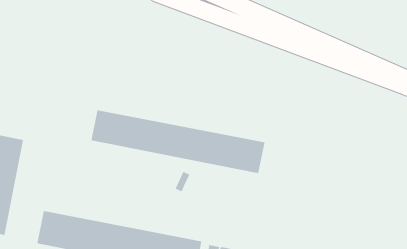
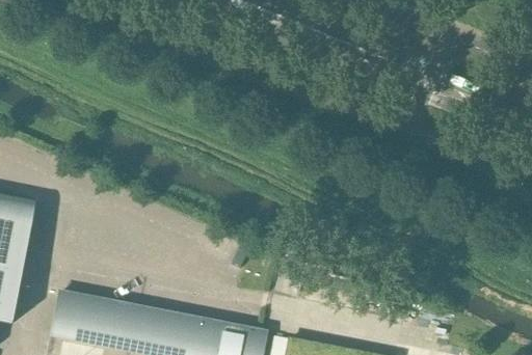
building: [91,109,265,174] -> none

